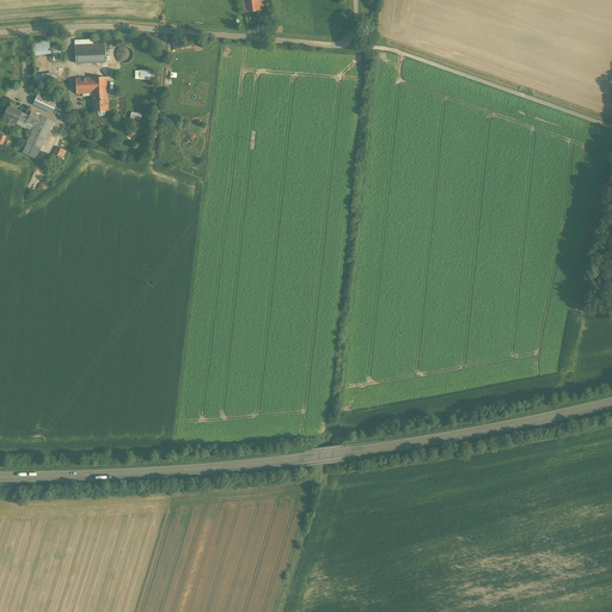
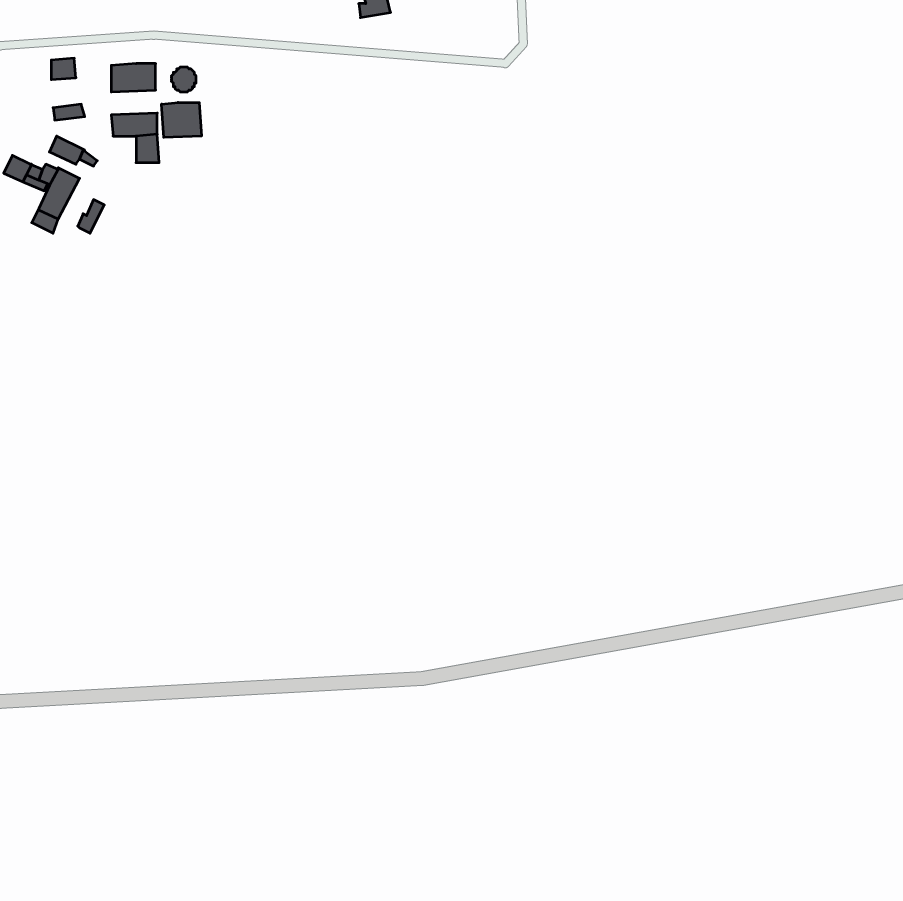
building: none -> [162,102,201,137]

